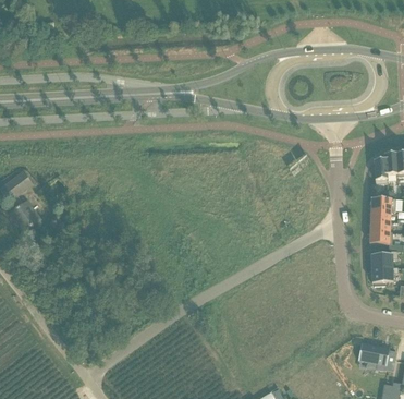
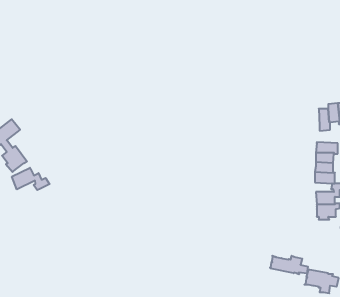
building: none -> [12,168,50,190]
building: none -> [270,256,308,274]

